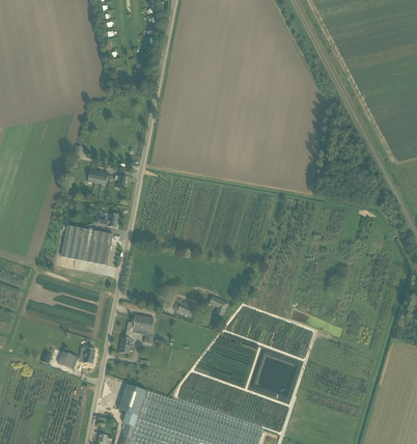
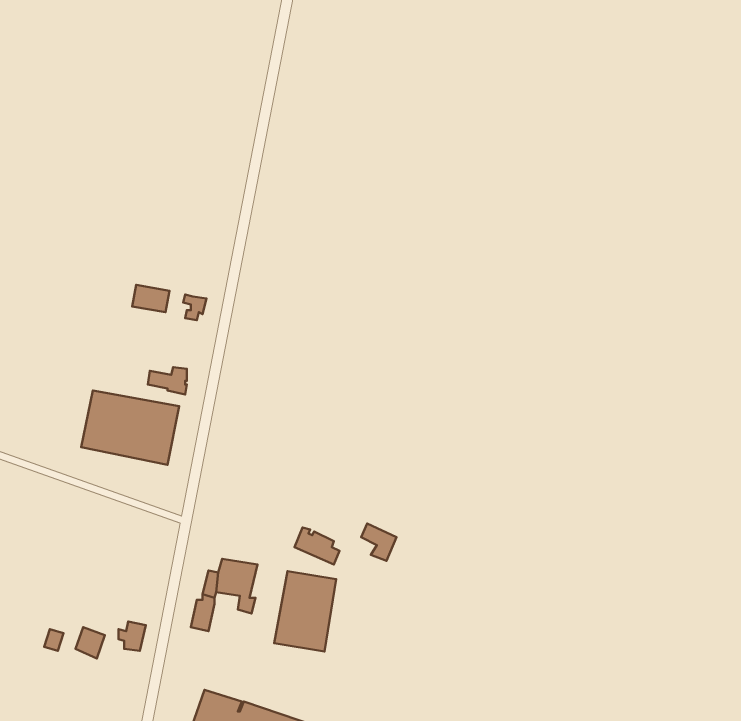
building: none -> [274,571,336,652]

